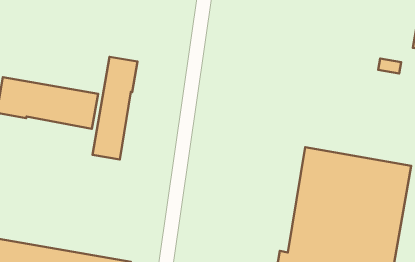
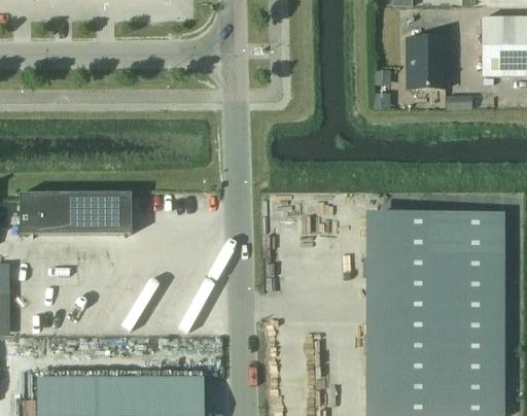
building: none -> [407,37,449,88]
building: [92,57,138,160] -> none

